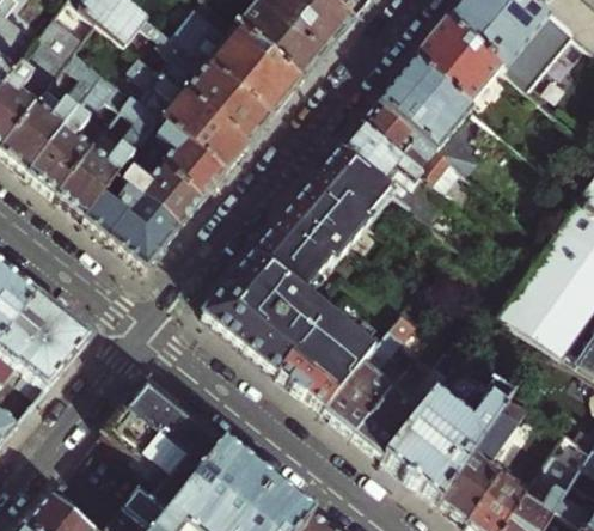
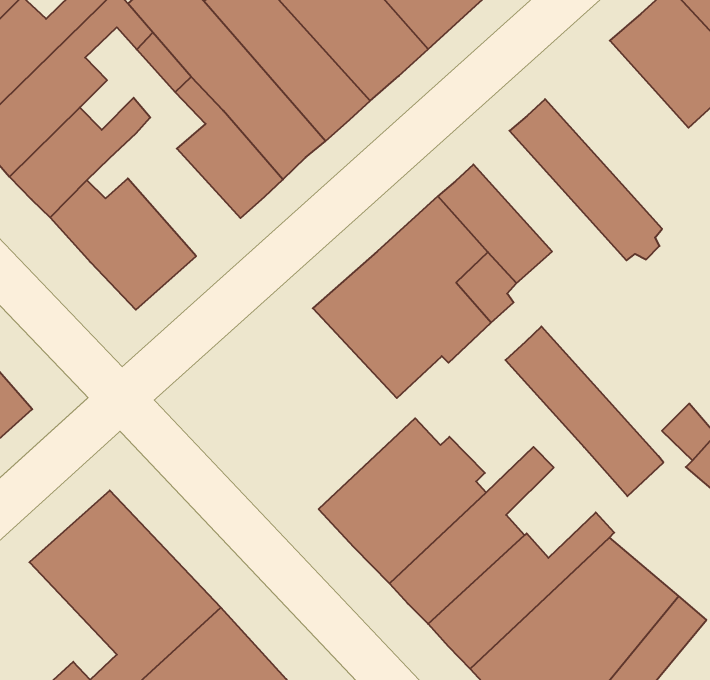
building: [381,55,483,171] -> none
building: [343,120,449,216] -> [505,326,663,496]
building: [118,154,204,225] -> none
building: [204,246,330,370] -> none

